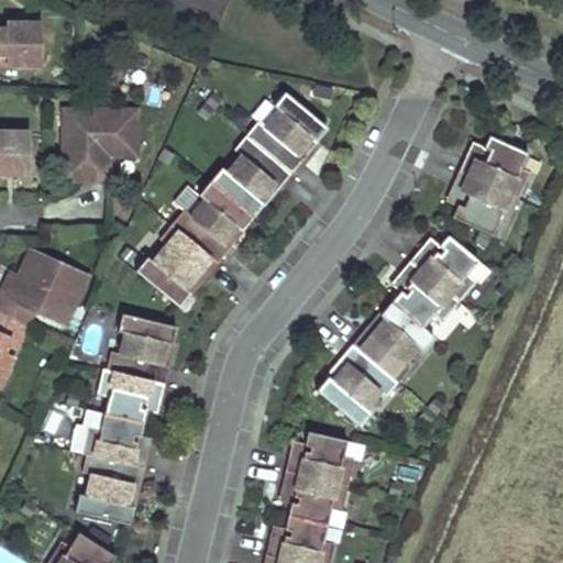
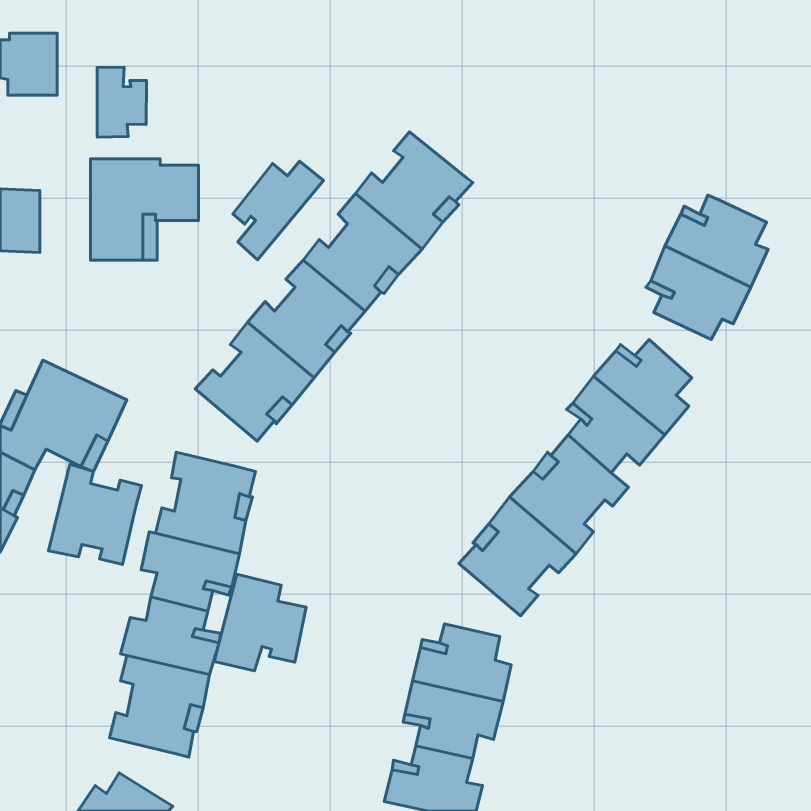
building: none -> [97,67,146,137]
building: none -> [233,161,323,260]
building: none -> [48,464,141,565]
building: none -> [214,574,306,671]

